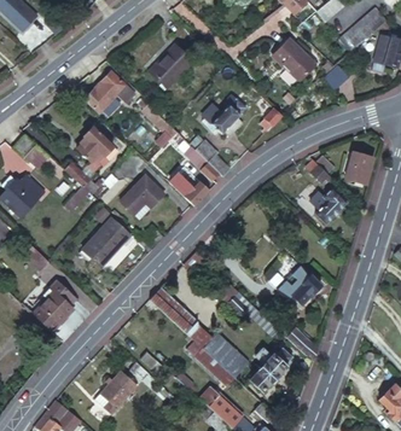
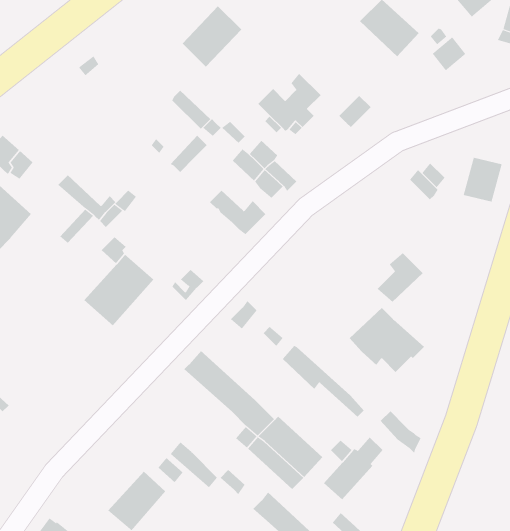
building: [85,74,129,118] -> none
building: [76,127,111,165] -> none
building: [118,174,164,219] -> none
building: [314,188,347,223] -> [377,252,423,302]
building: [33,280,76,332] -> none

